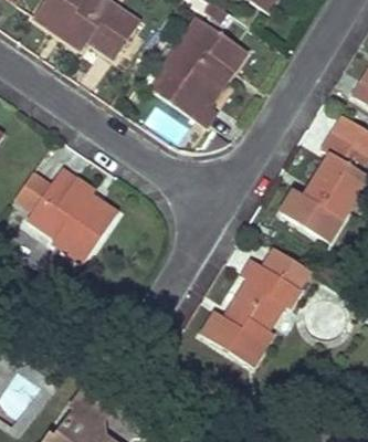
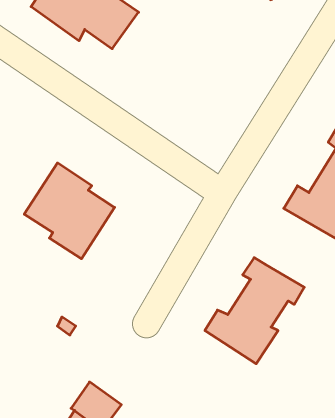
building: [155,17,246,113] -> none
building: [262,245,311,287] -> none

